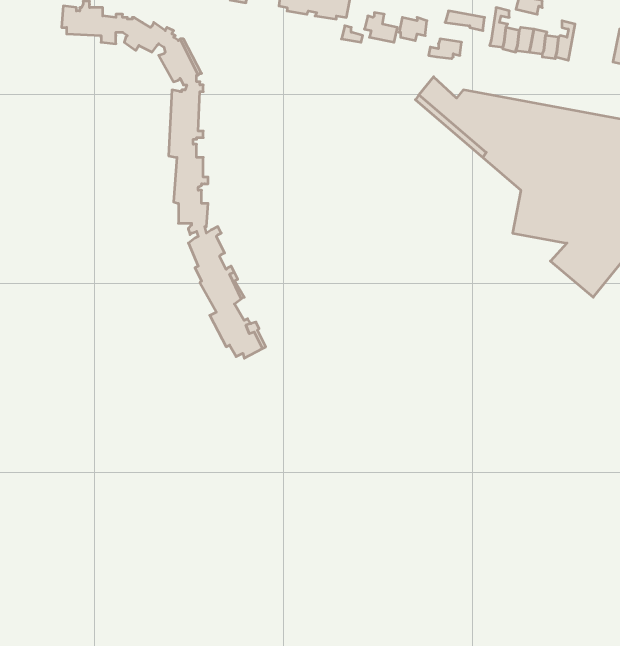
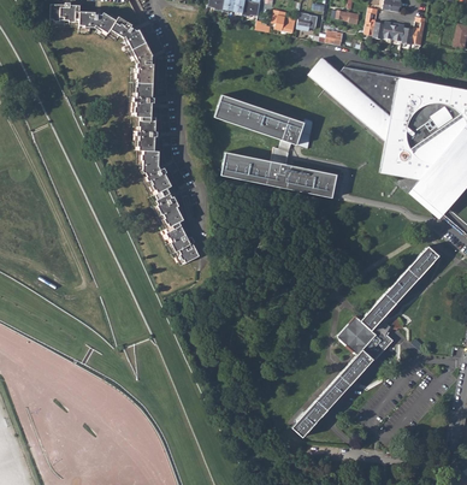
building: none -> [214,95,337,197]
building: none -> [292,247,439,437]

